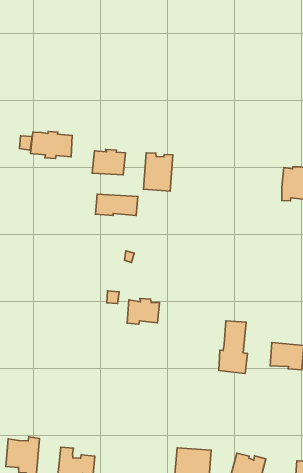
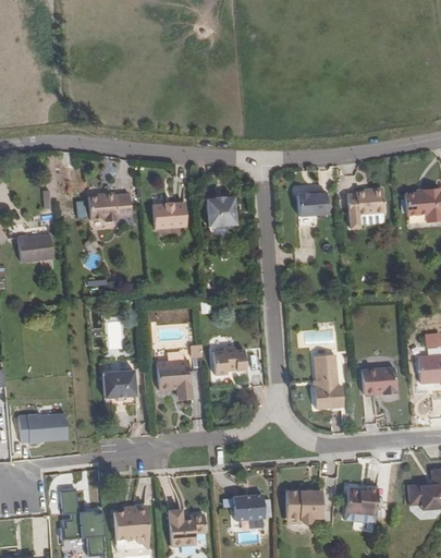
building: none -> [297,191,328,227]
building: [96,194,138,216] -> none
building: none -> [156,359,191,396]
building: none -> [101,367,135,396]
building: none -> [232,494,264,519]

